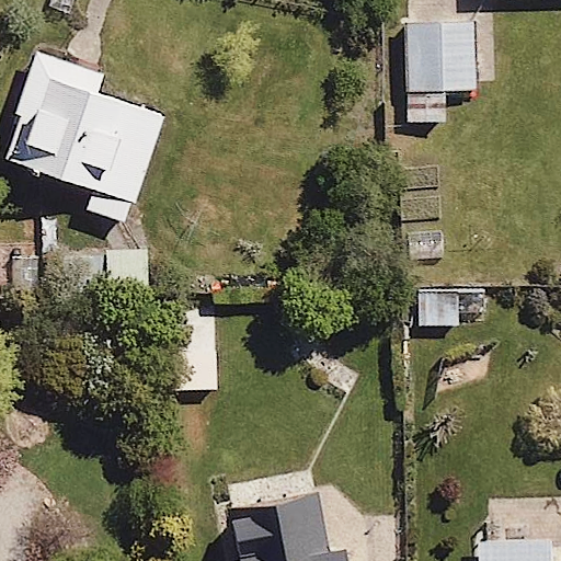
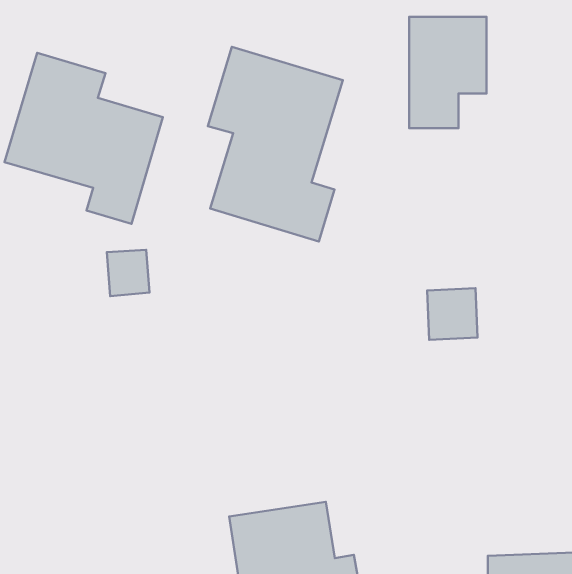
building: none -> [208,47,343,242]

